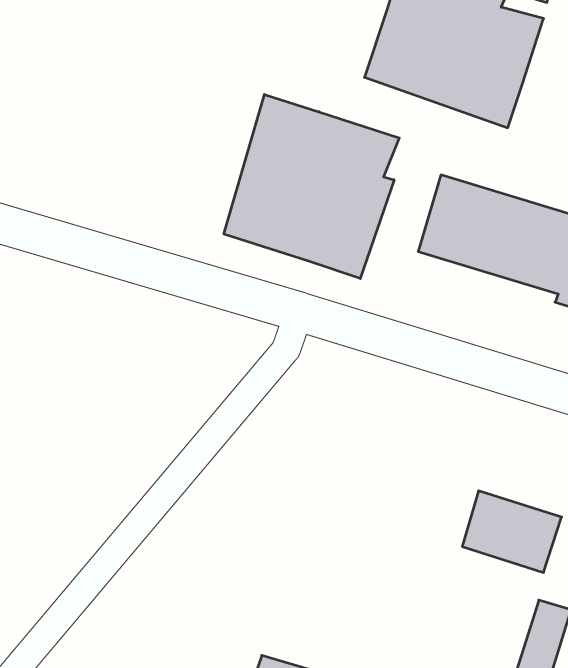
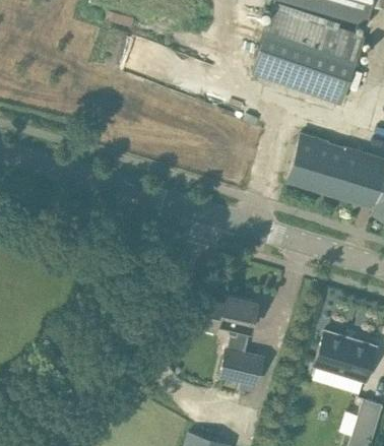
building: [224,94,399,279] -> none
building: none -> [205,297,263,384]

